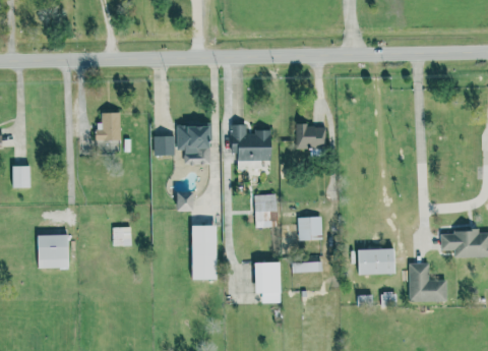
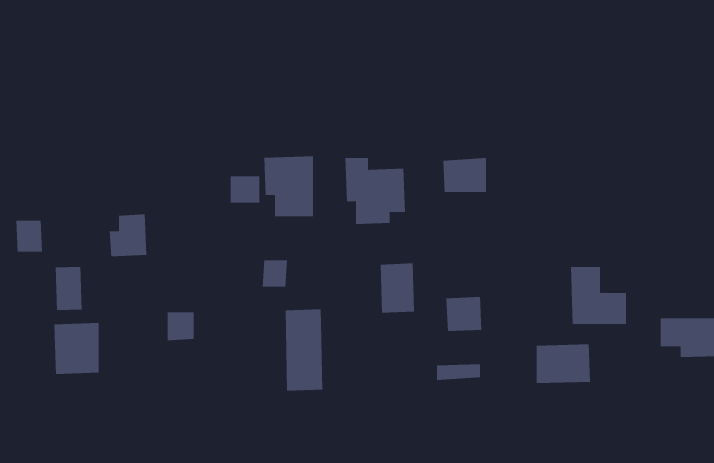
building: [96,112,121,140] -> [109,214,147,257]
building: none -> [55,266,82,311]
building: [255,261,281,303] -> none
building: [409,262,446,301] -> [570,266,627,325]

